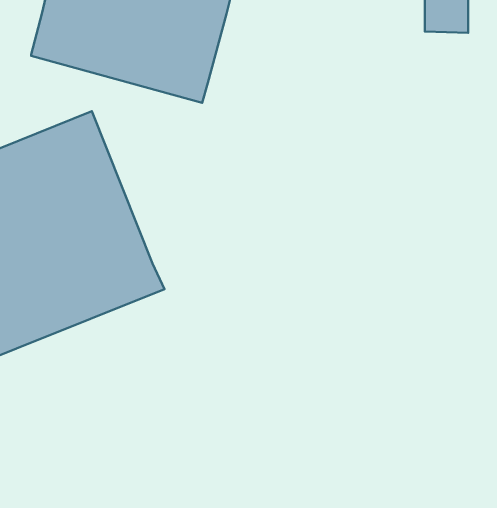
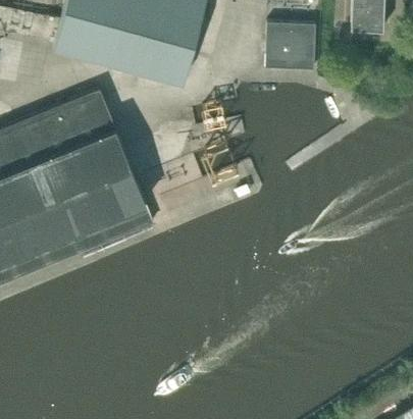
building: none -> [265,23,315,70]

